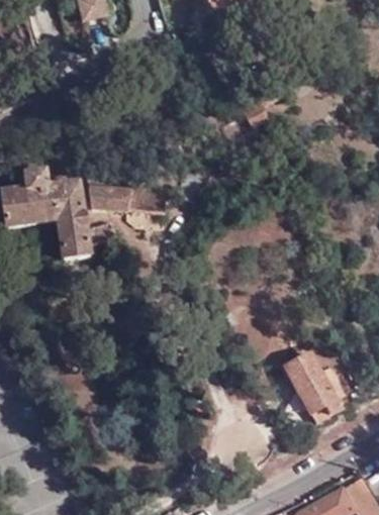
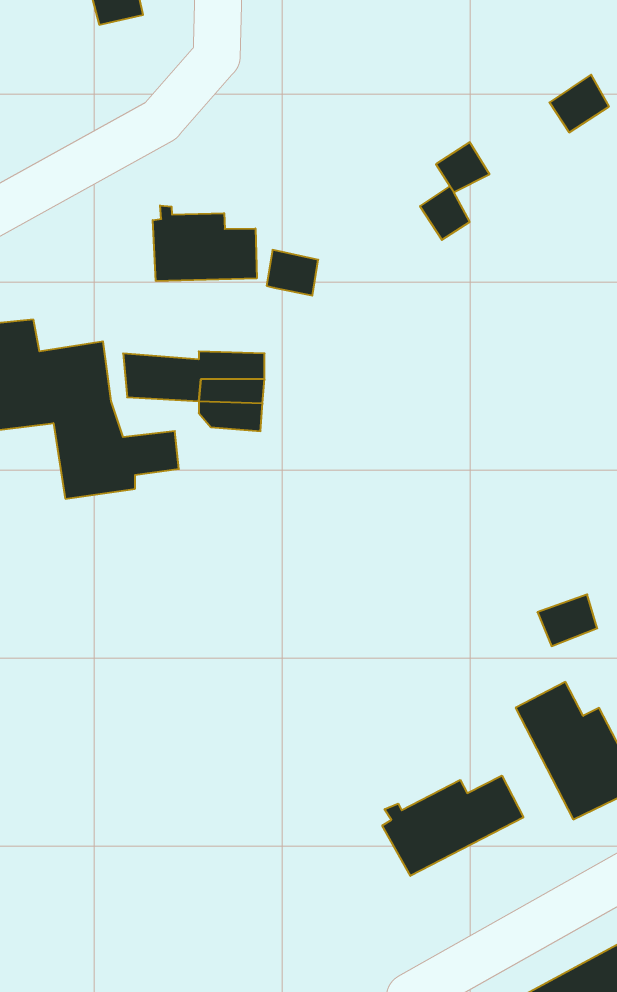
building: none -> [153,205,257,281]
building: none -> [382,776,523,876]

